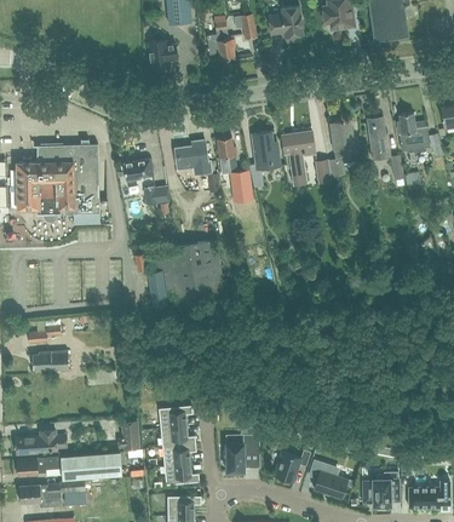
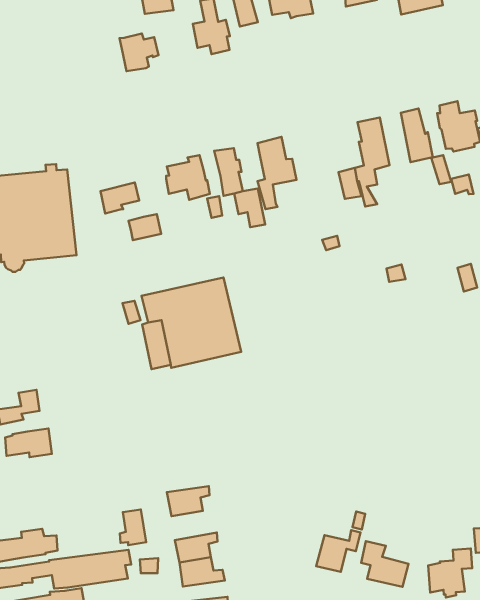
building: [282,131,316,184] -> none
building: [161,425,196,447] -> none
building: [226,434,260,471] -> none

